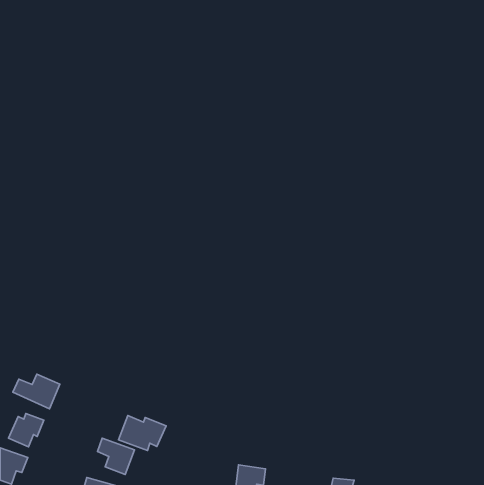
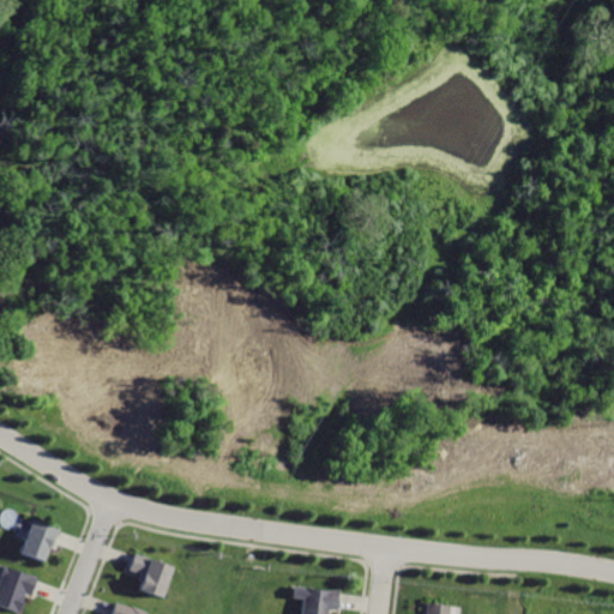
building: [13,374,60,409] -> none
building: [119,416,166,451] -> none

